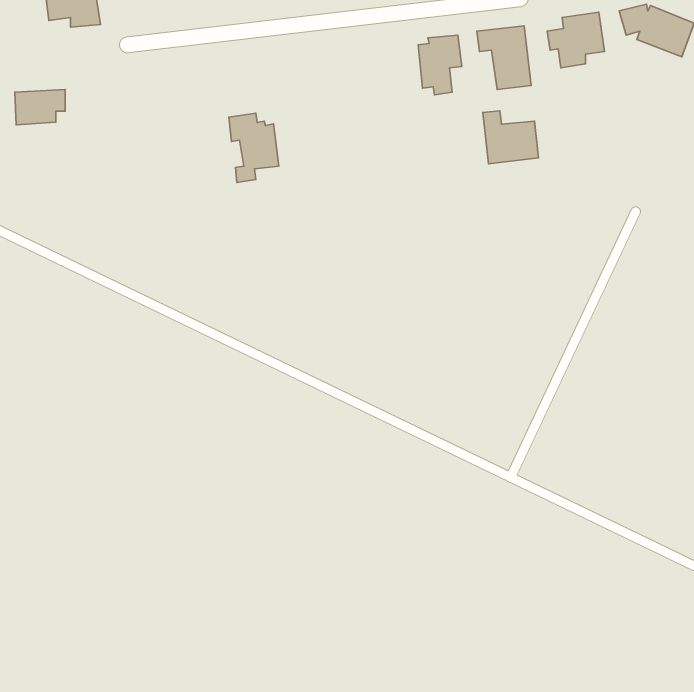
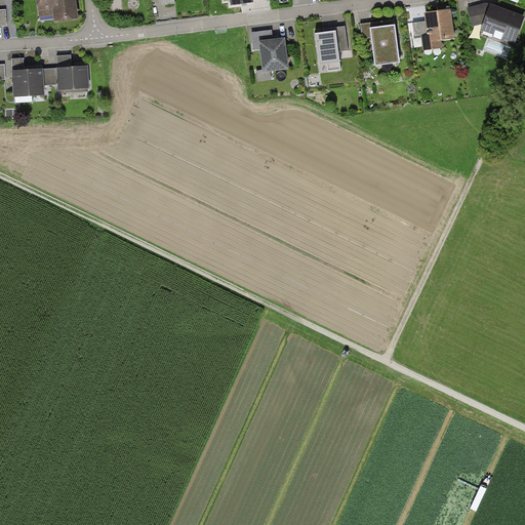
building: none -> [49,66,88,92]
building: [483,111,538,164] -> none
building: [229,113,279,182] -> [251,30,289,82]

